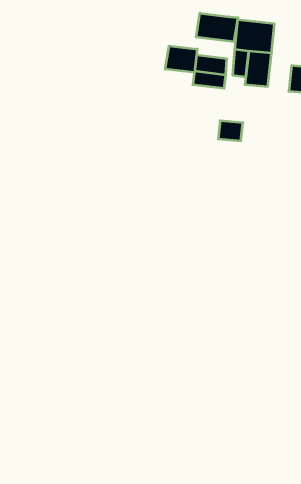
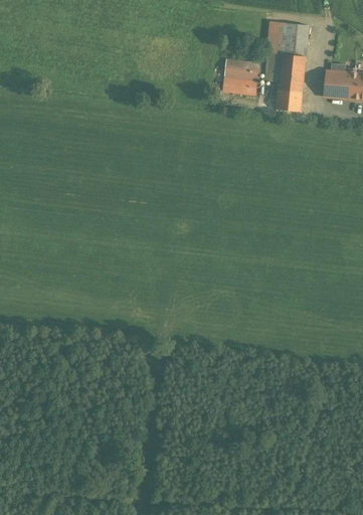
building: [196,13,238,42] -> none
building: [165,46,197,73] -> none
building: [218,121,243,141] -> [277,90,303,111]

